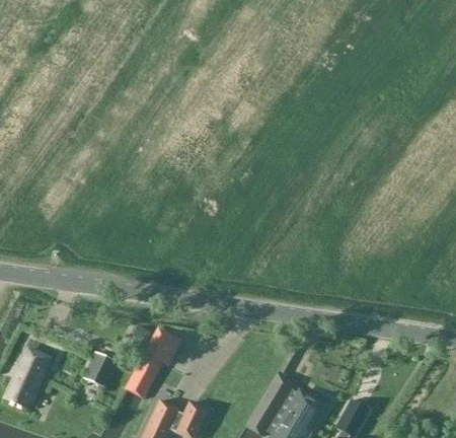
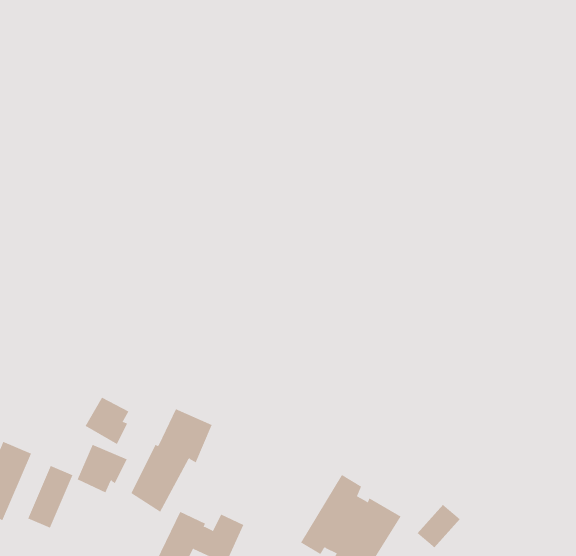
building: none -> [85,397,129,445]
building: none -> [28,465,73,528]

